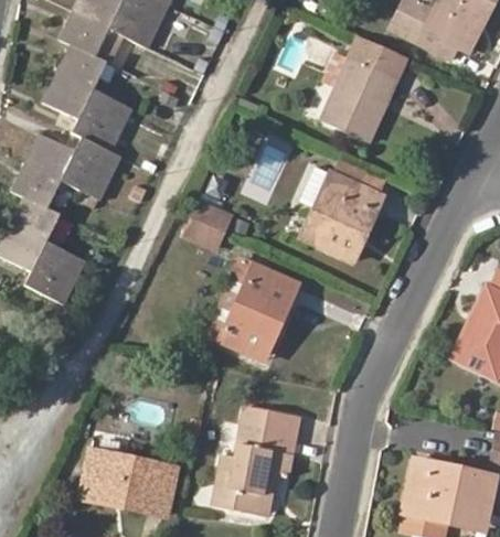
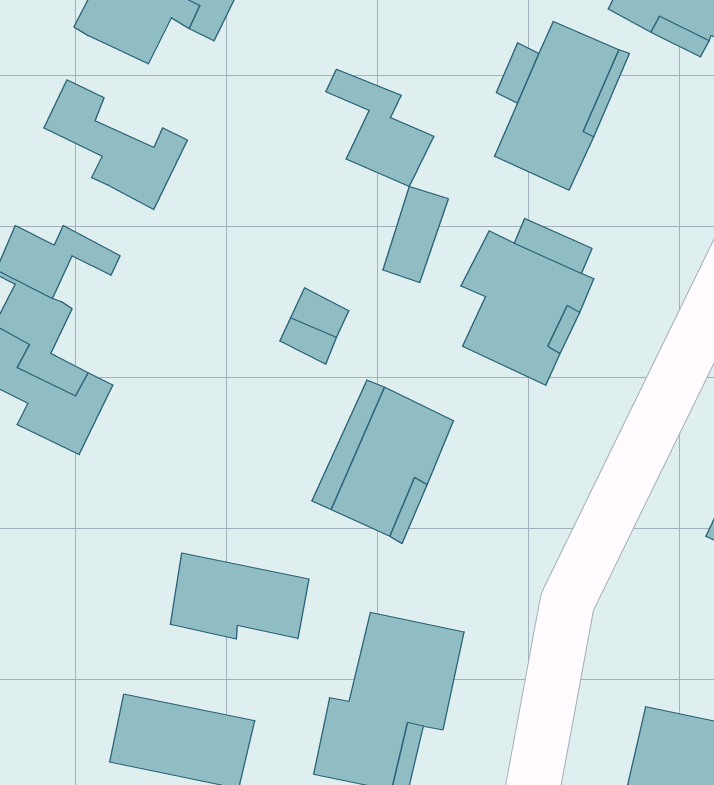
building: [57,45,117,115] -> none
building: none -> [326,69,434,186]
building: [25,135,123,202] -> none
building: none -> [171,553,309,639]

